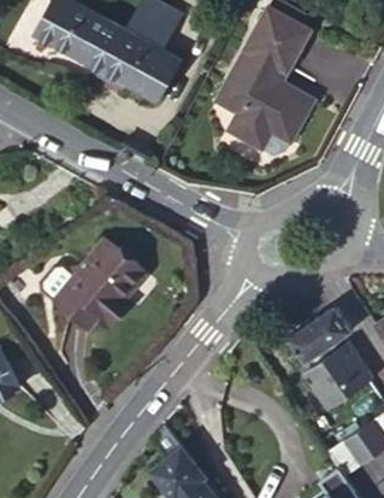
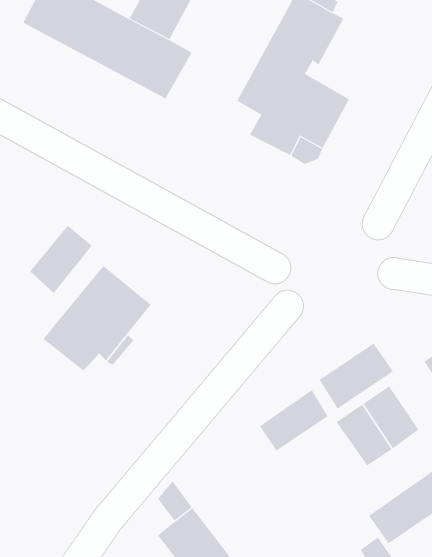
building: none -> [29,225,93,294]
building: none -> [259,389,328,452]

